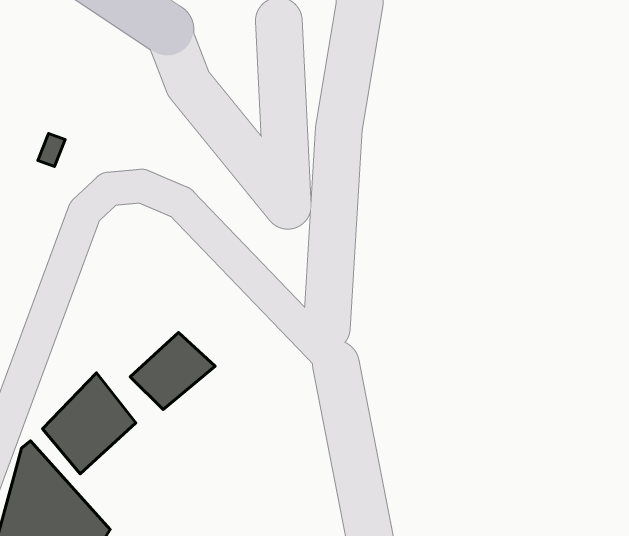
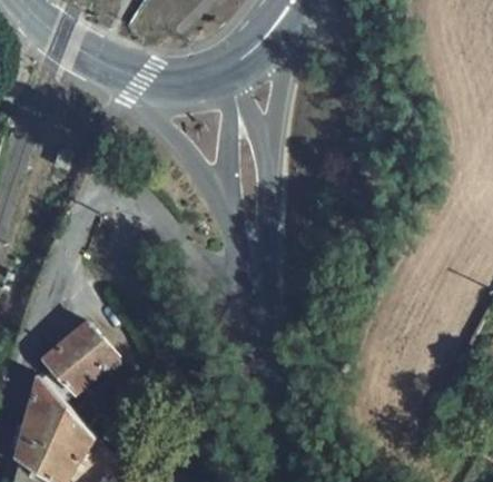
building: [130,332,215,409] -> none

